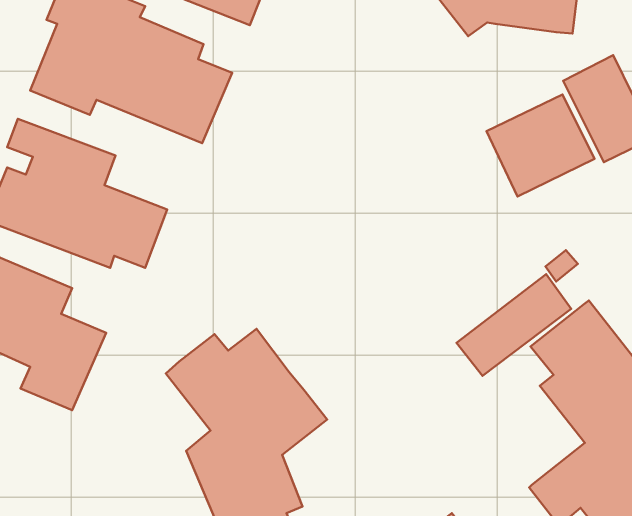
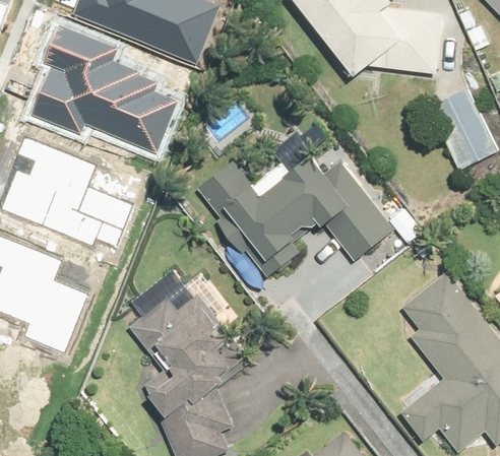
building: [486,95,594,197] -> none
building: none -> [198,155,394,276]
building: [457,274,571,376] -> none

